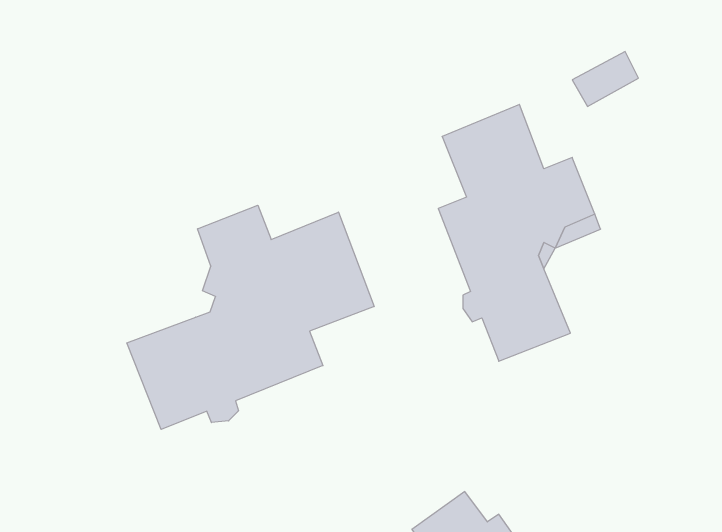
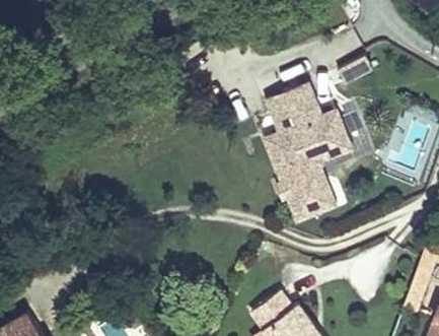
building: [127,205,374,429] -> none

